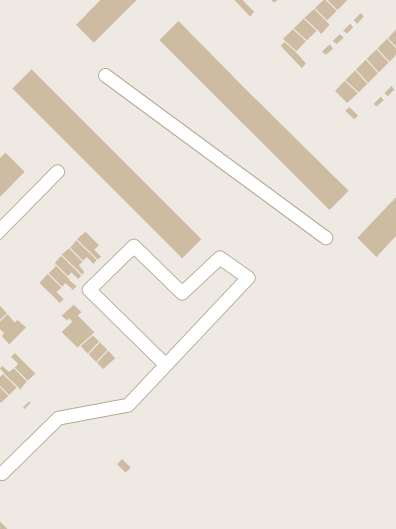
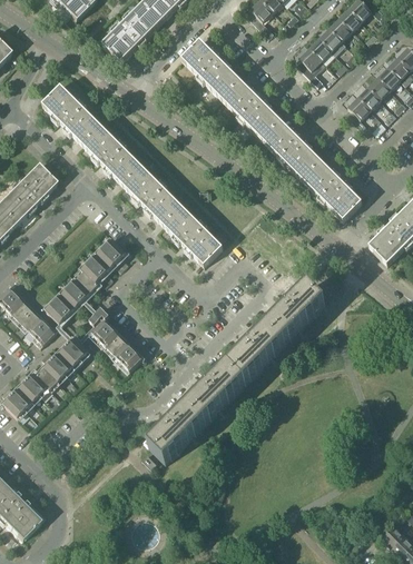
building: none -> [149,285,326,462]
building: none -> [47,287,89,323]
building: none -> [47,337,89,373]

